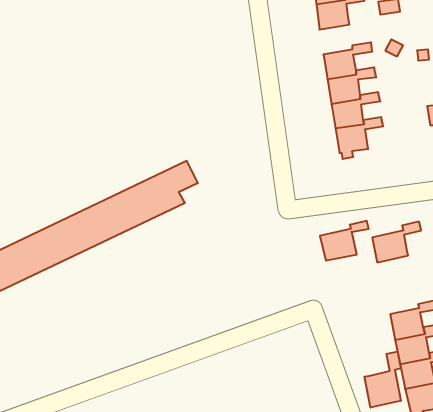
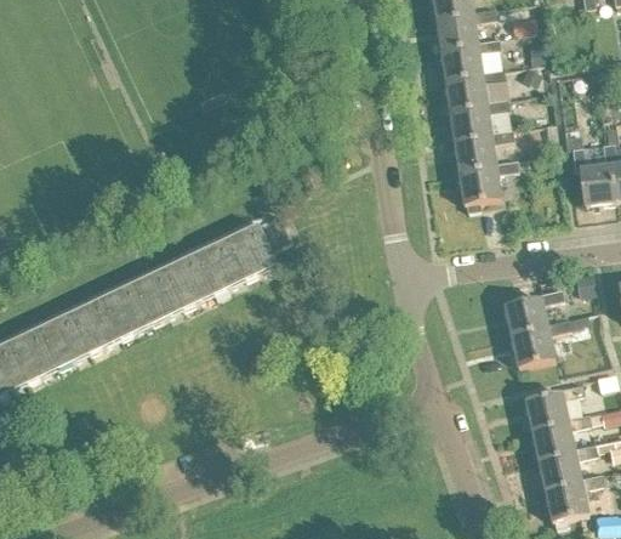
building: none -> [440,36,500,81]
building: [320,221,369,261] -> [511,317,570,365]
building: [364,352,401,408] -> none

